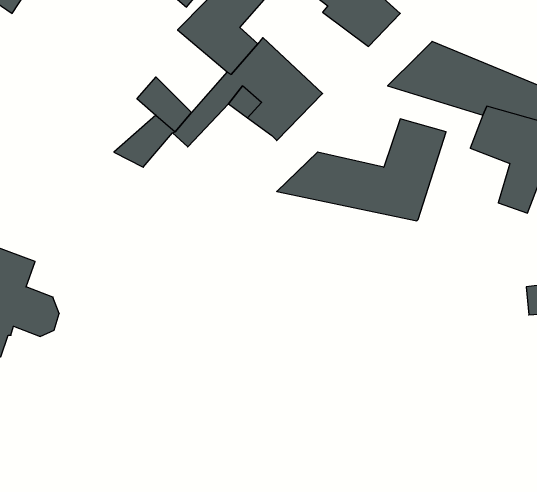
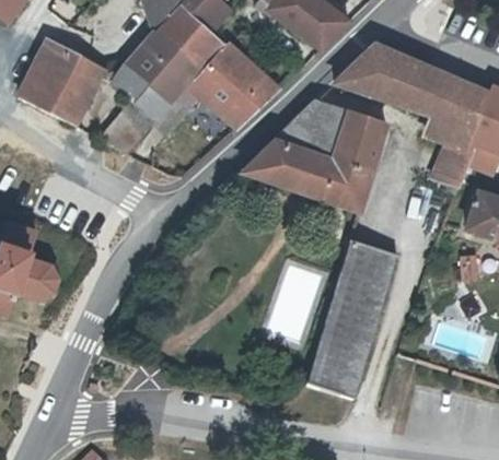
building: none -> [127,35,198,106]
building: none -> [19,40,102,125]
building: none -> [276,104,347,153]
building: none -> [304,227,401,400]

